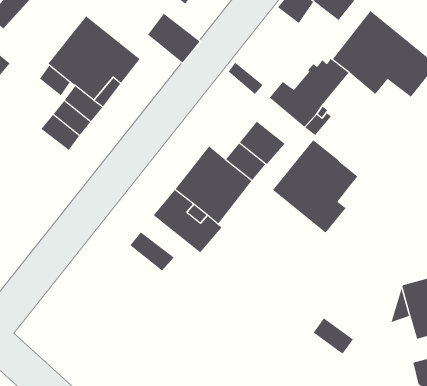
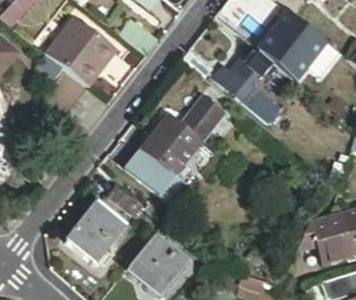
building: [272,140,358,233] -> none
building: none -> [63,202,125,266]
building: none -> [128,233,186,292]

